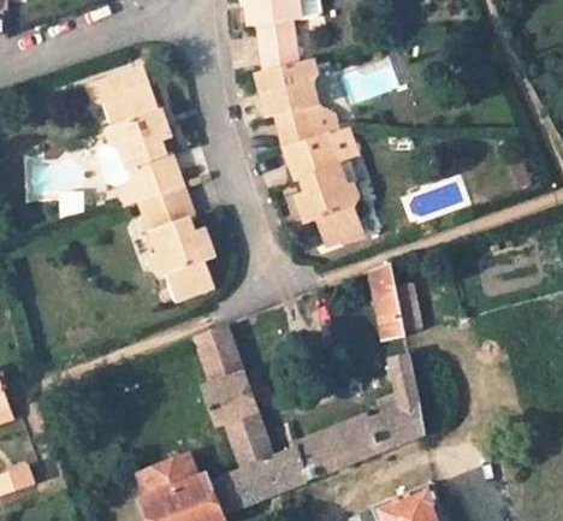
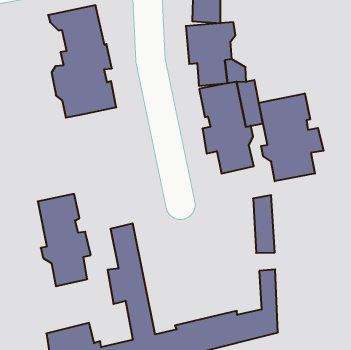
building: none -> [259,93,324,181]
building: [141,184,215,301] -> [38,194,91,286]

